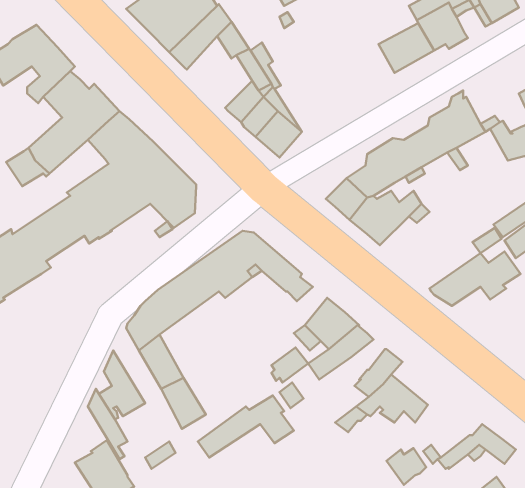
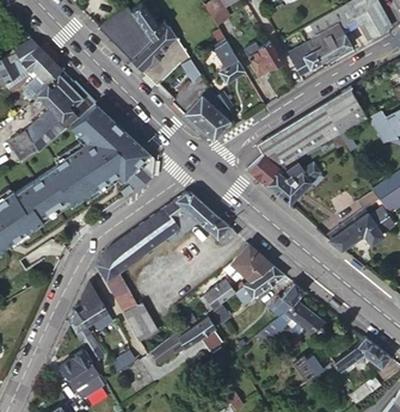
building: none -> [216,39,244,82]
building: none -> [247,42,281,72]
building: none -> [143,48,177,85]

